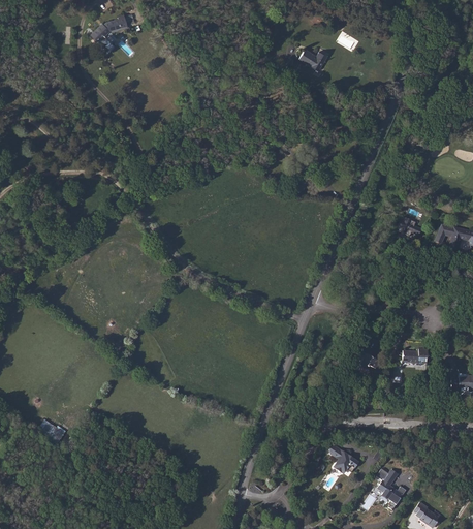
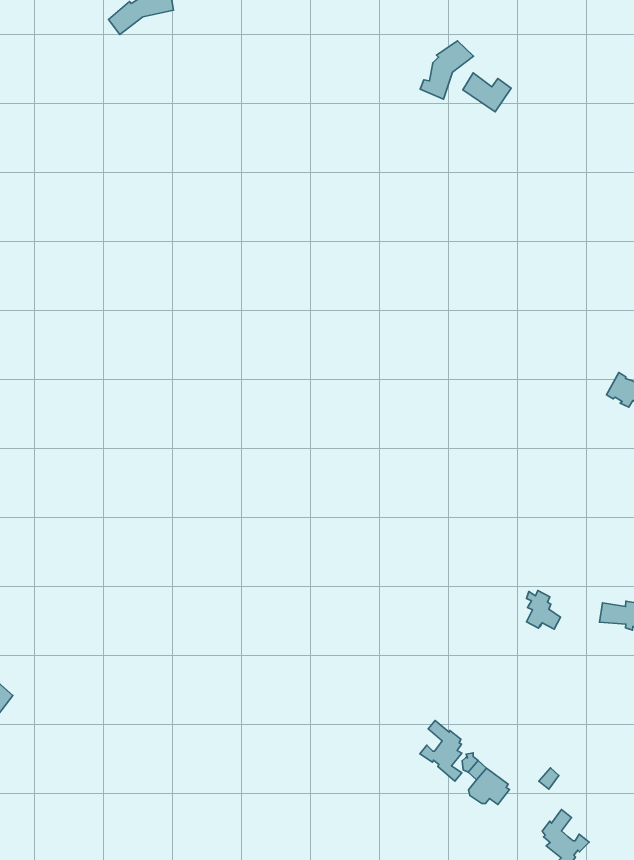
building: none -> [420,41,473,99]
building: none -> [420,721,462,781]

